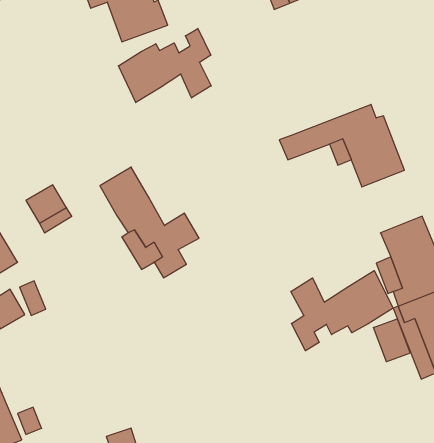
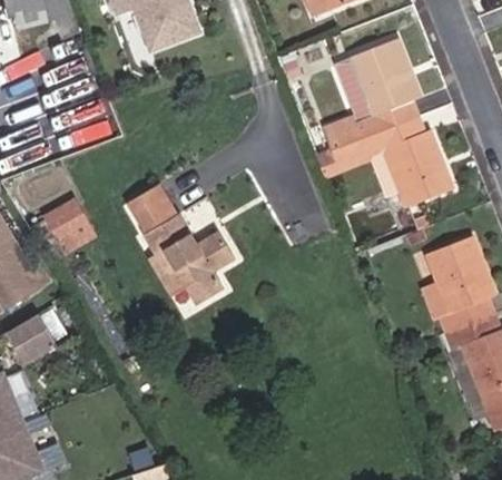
building: [118,28,211,103] -> none
building: none -> [325,37,419,148]
building: [291,271,393,351] -> none
building: [373,319,410,362] -> none

